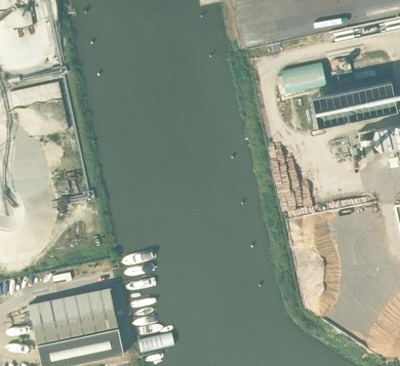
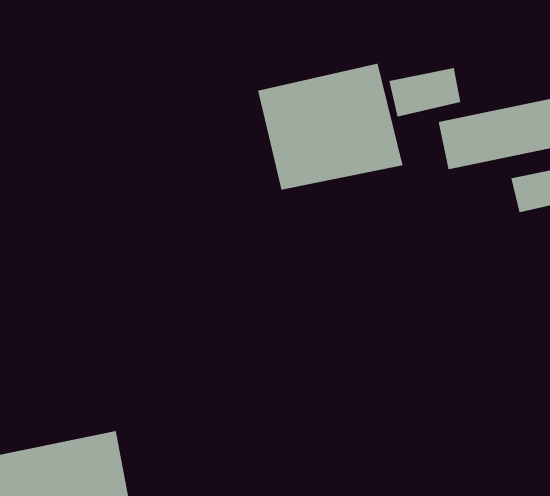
building: none -> [257,63,403,190]

